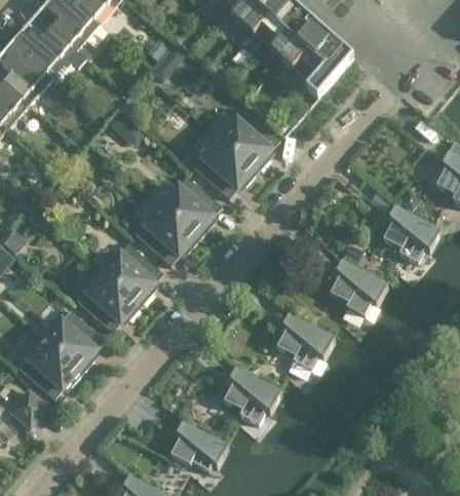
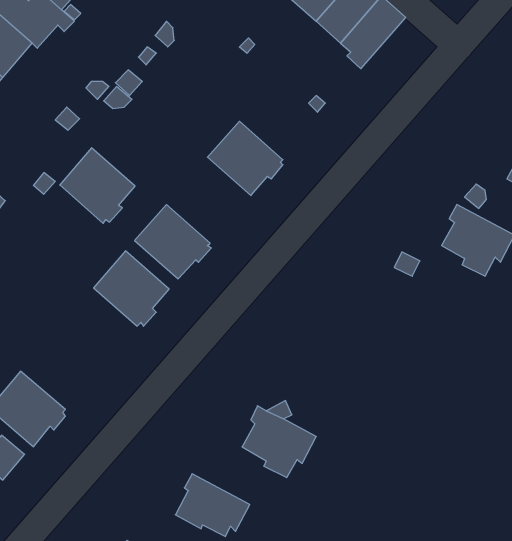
building: [219,108,279,168] -> none
building: [160,175,221,235] -> [60,148,135,223]
building: [328,259,387,315] -> none
building: [76,271,138,331] -> none
building: [43,308,105,369] -> none
building: [274,312,334,370] -> none

